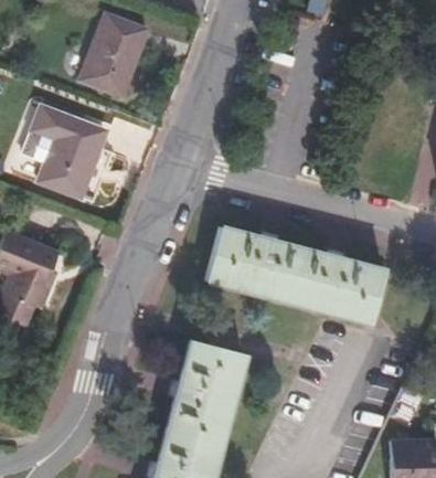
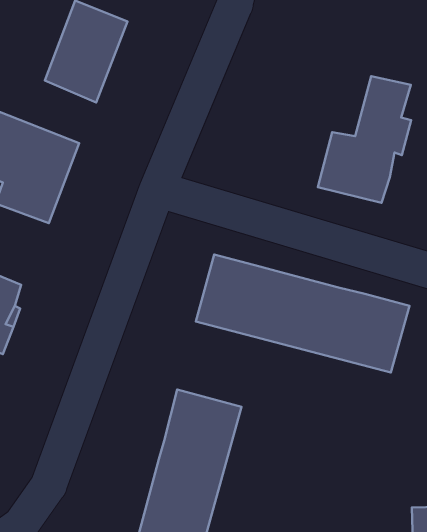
building: none -> [318,76,411,203]

